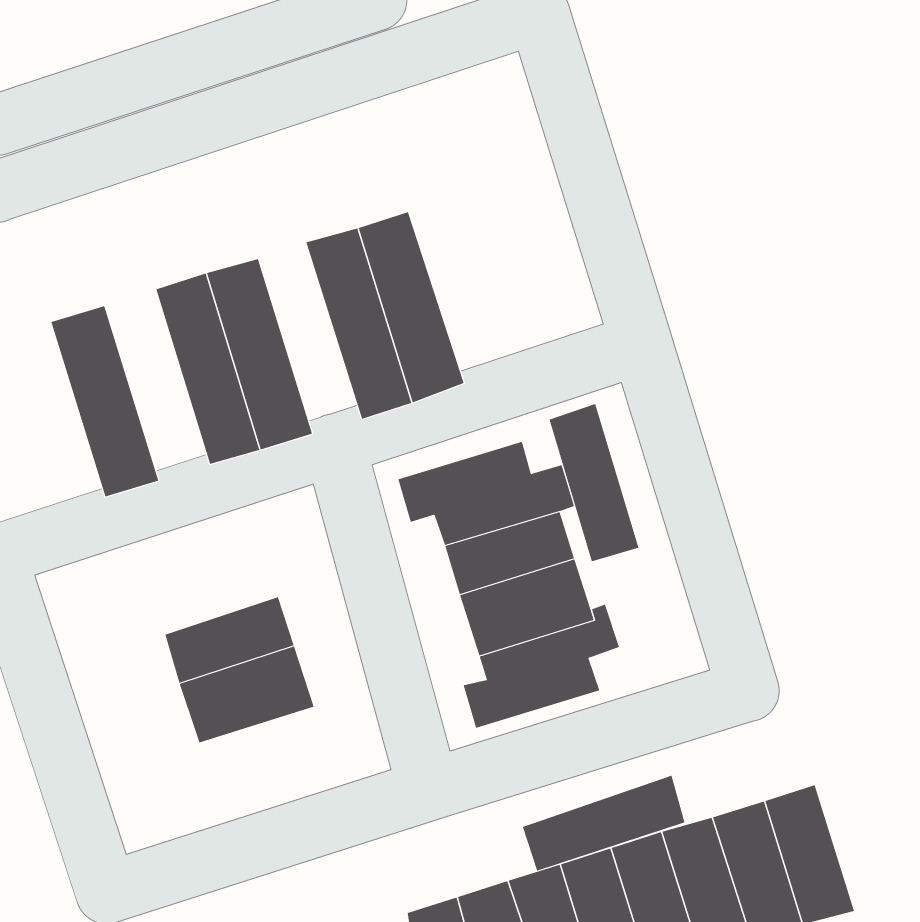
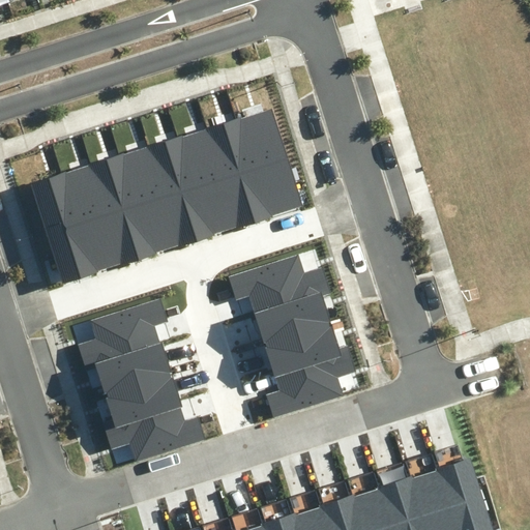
building: none -> [234,111,302,220]
building: none -> [148,140,207,249]
building: none -> [60,167,120,276]
building: [549,403,639,562] -> none
building: none -> [78,296,168,367]
building: none -> [104,406,205,462]
building: [522,775,685,871] -> none

